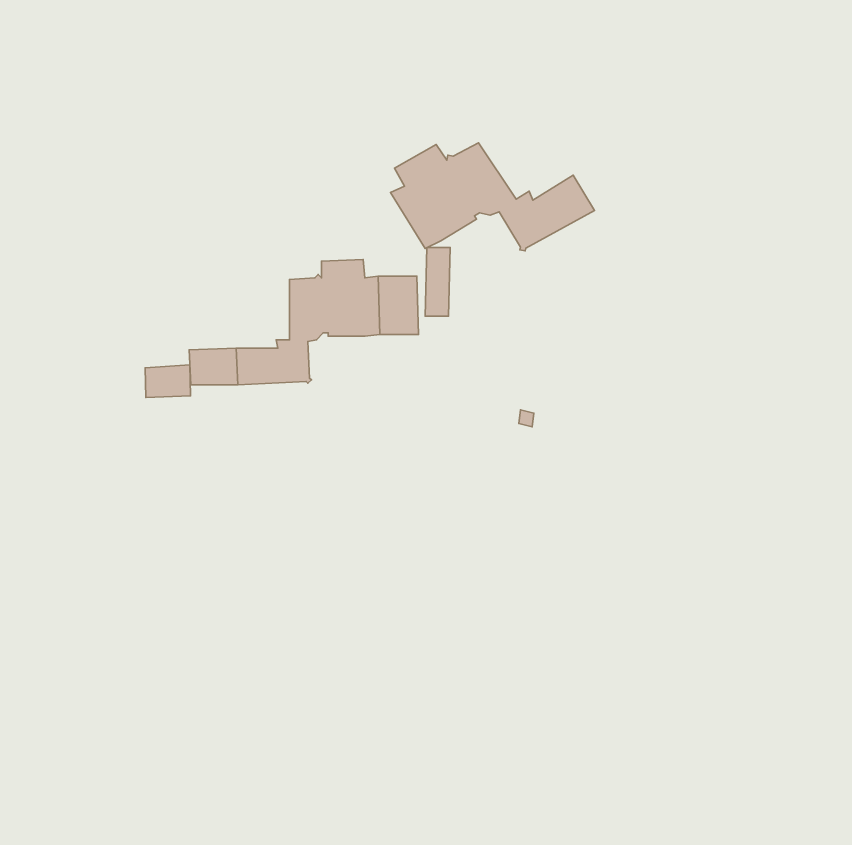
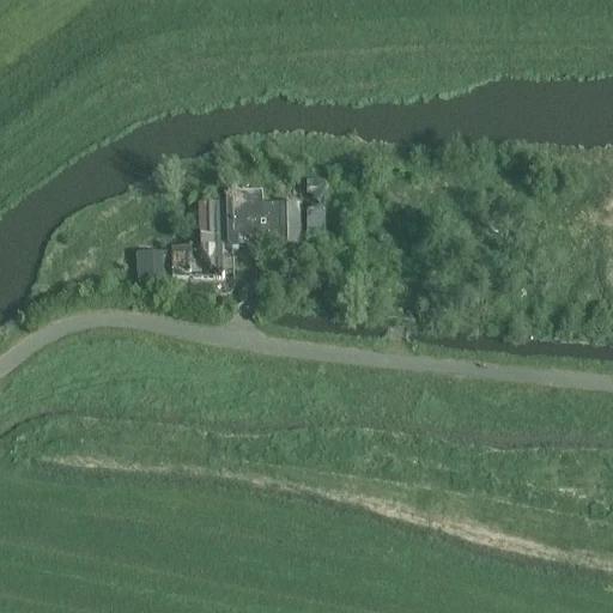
building: [390,143,595,251] -> none
building: [145,365,191,397] -> none

